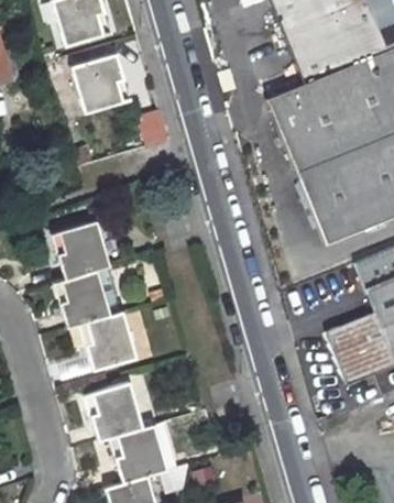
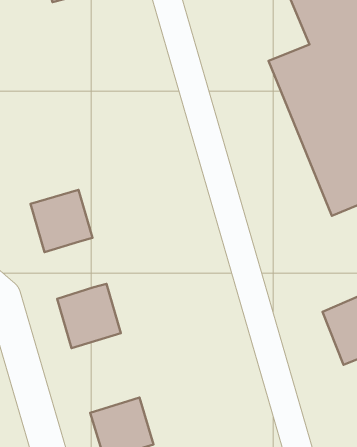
building: [76,54,136,113] -> none
building: [47,270,108,328] -> none
building: [78,375,140,435] -> none

